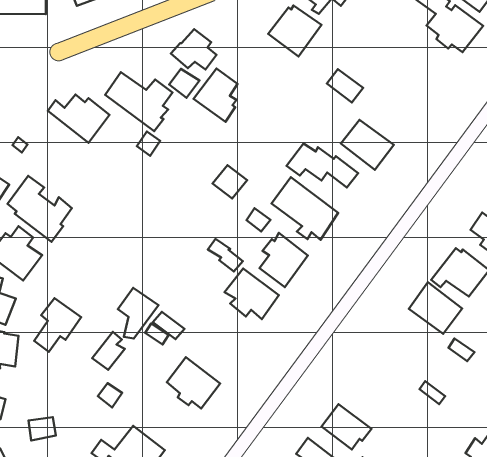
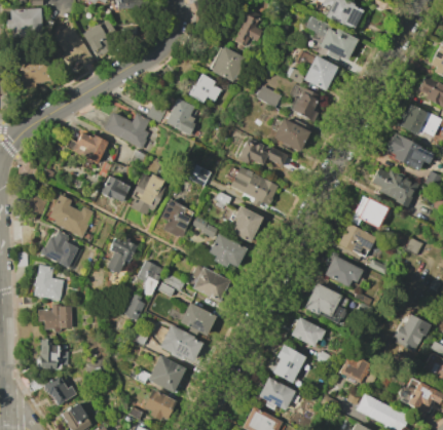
building: [171,29,217,69] -> [189,74,221,102]
building: none -> [286,54,337,90]
building: none -> [290,87,320,121]
building: none -> [101,175,130,202]
building: none -> [130,172,167,214]
building: none -> [159,199,193,236]
building: [34,298,81,352] -> [107,236,137,274]
building: none -> [192,264,230,302]
building: none -> [324,255,363,287]
building: none -> [304,283,350,323]
building: none -> [159,324,202,361]

